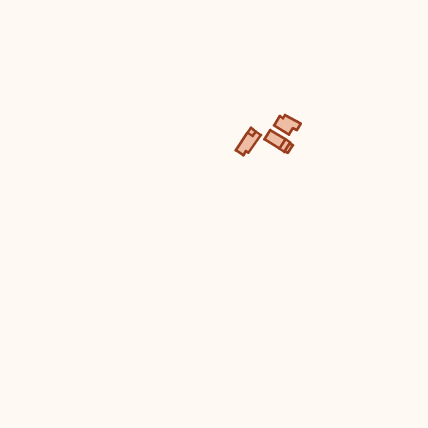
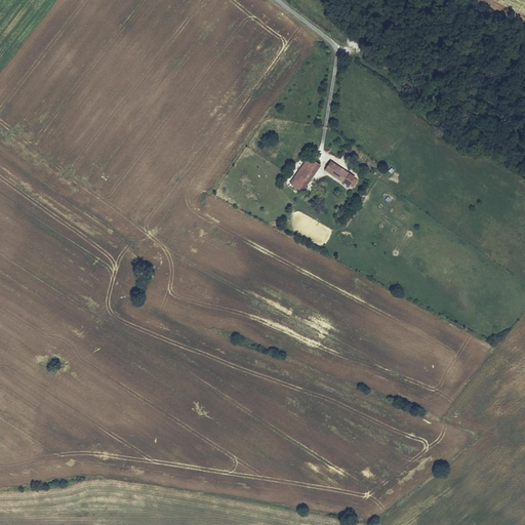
building: [274,115,301,135] -> none

